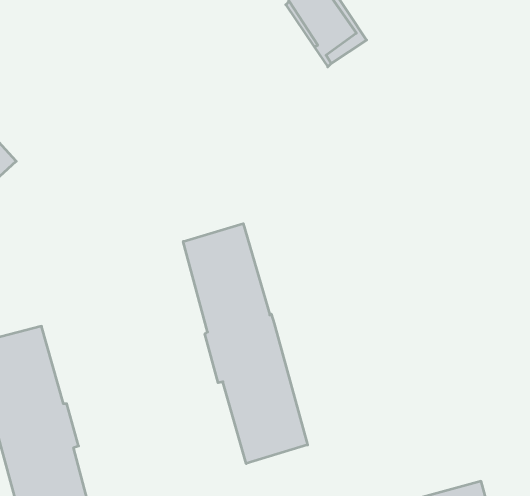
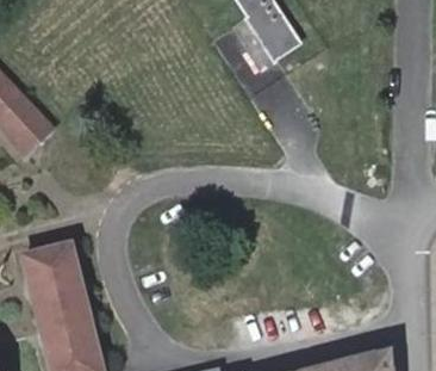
building: [183,224,308,464] -> none

